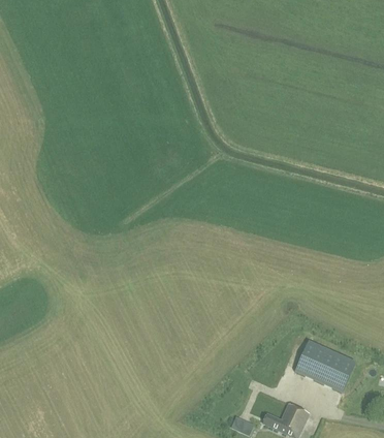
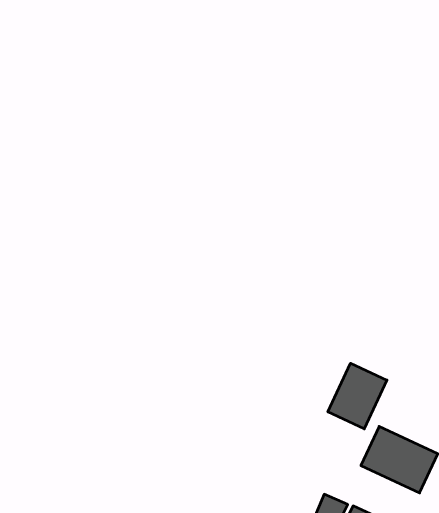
building: none -> [328,363,387,429]

